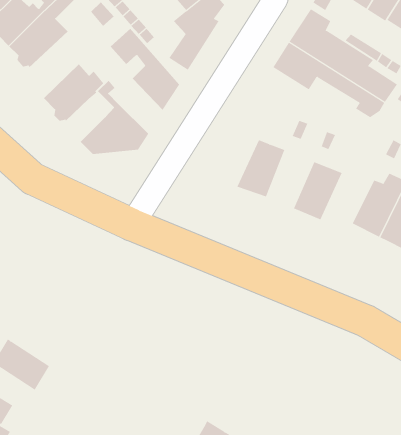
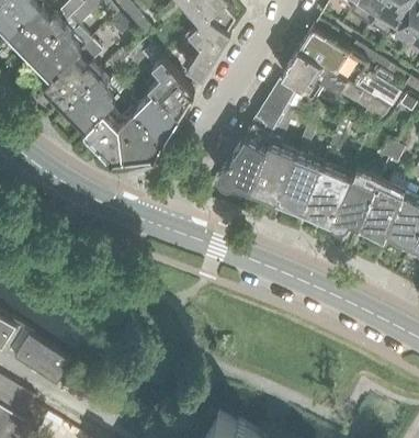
building: none -> [44,42,99,105]
building: none -> [219,80,303,190]
building: none -> [135,87,178,139]
building: none -> [86,106,123,147]
building: none -> [276,155,321,211]
building: none -> [328,177,378,227]

